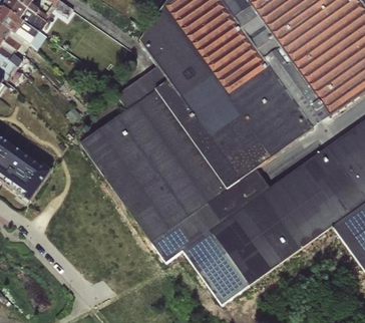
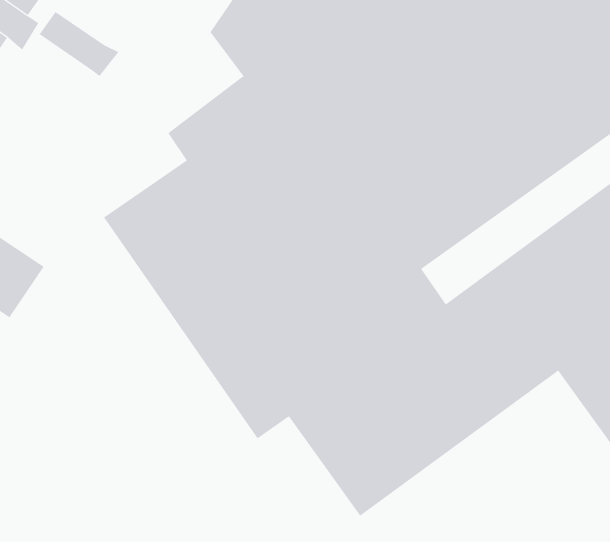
building: none -> [39,11,119,77]

